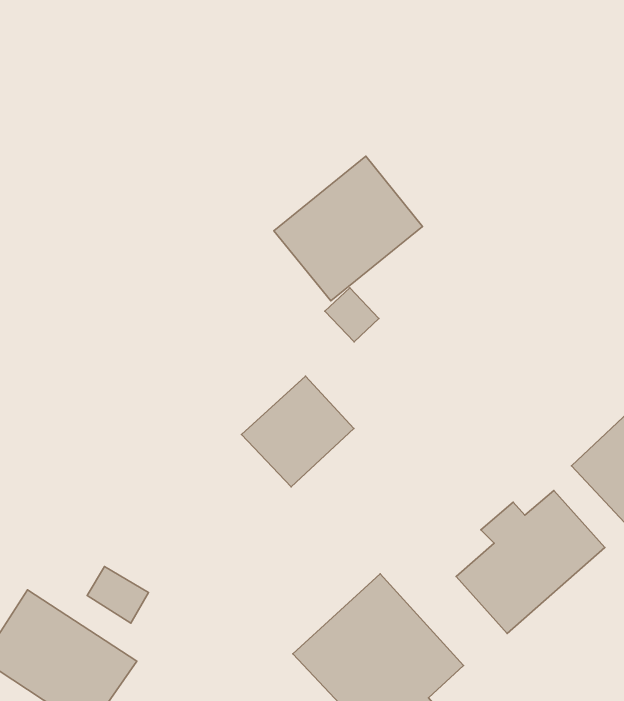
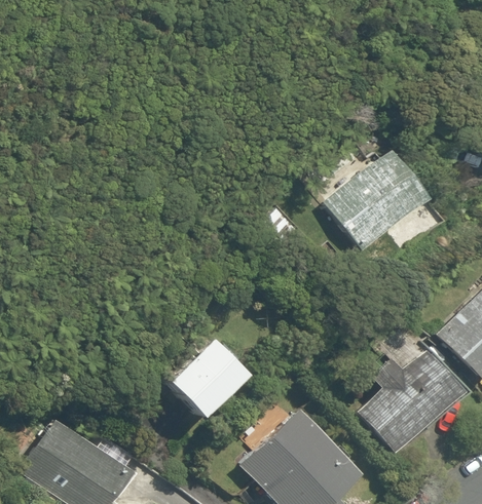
building: [274,156,423,301] -> [327,149,432,250]
building: [241,376,354,487] -> [168,337,247,415]

